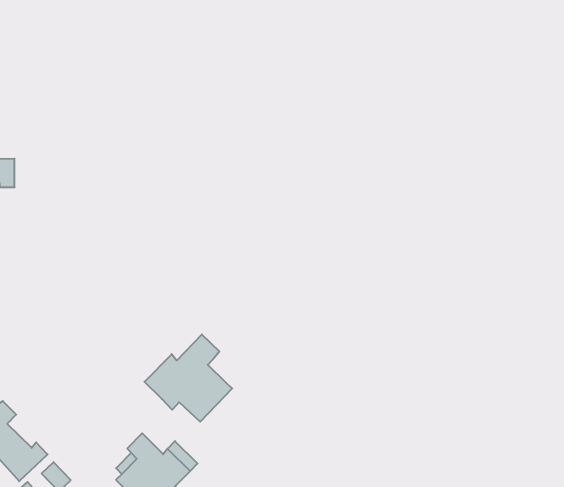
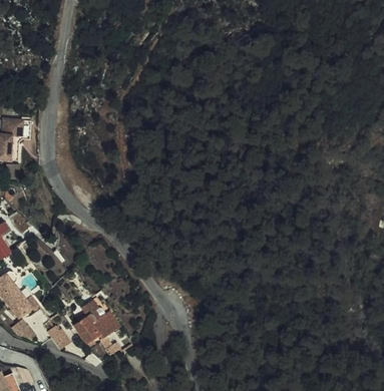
building: [144,334,232,422] -> none

